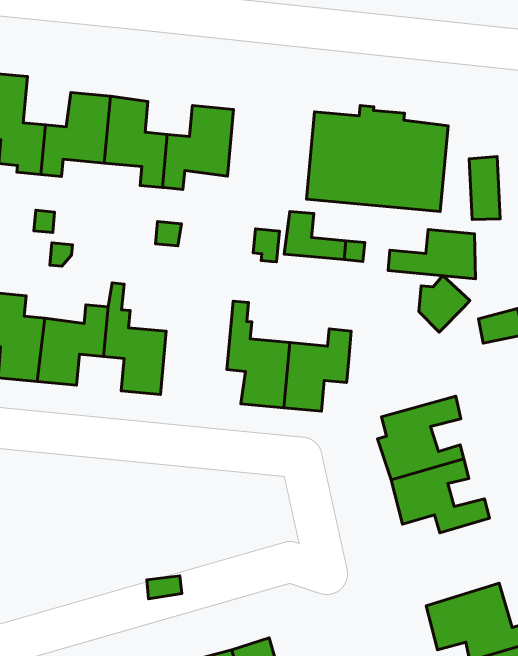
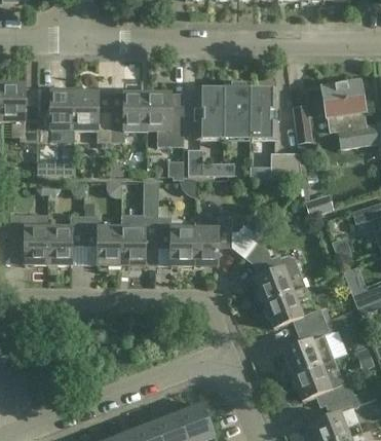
building: none -> [149,90,184,145]
building: none -> [121,181,159,264]
building: [419,276,470,332] -> [231,223,261,257]
building: none -> [281,320,333,375]

